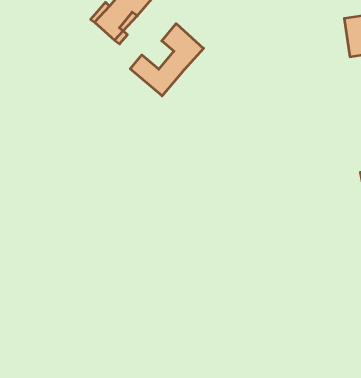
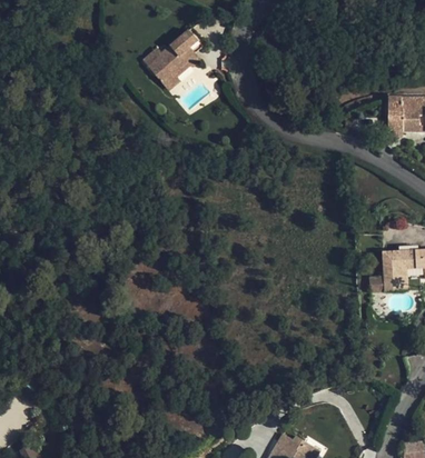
building: [130,24,204,96] -> none

